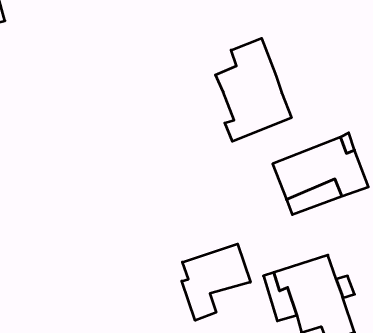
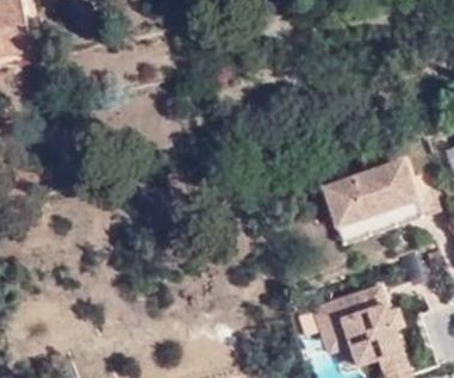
building: [215,38,291,141] -> none
building: [182,244,250,320] -> none

